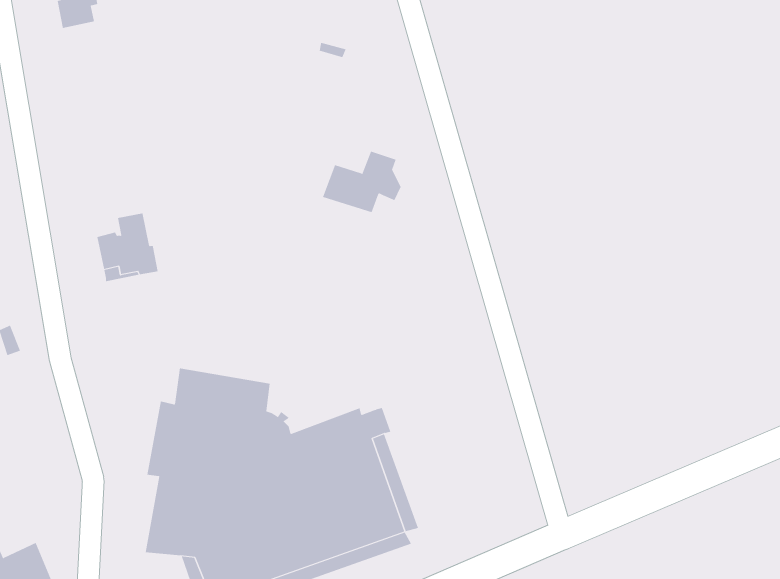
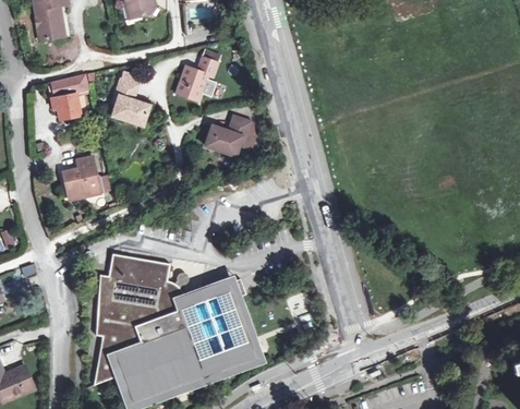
building: none -> [178,57,219,100]
building: none -> [52,73,87,120]
building: none -> [112,79,150,127]

